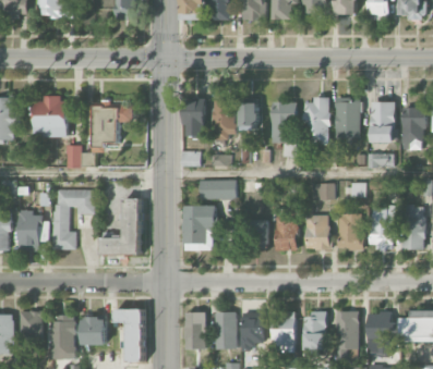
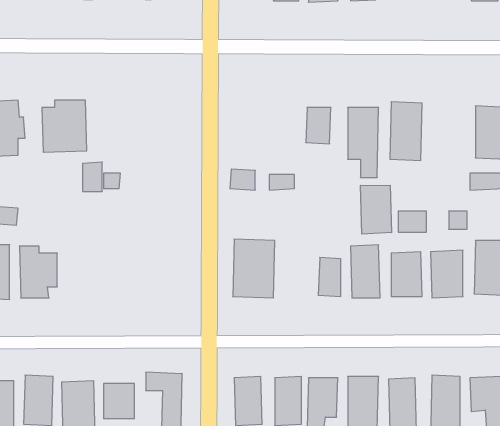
building: [335,98,360,138] -> none
building: [182,99,204,138] -> none
building: [213,99,236,140] -> none
building: [93,106,131,144] -> none
building: none -> [361,185,392,234]
building: [199,180,236,199] -> none
building: [51,189,94,249] -> none
building: [101,198,141,255] -> none

